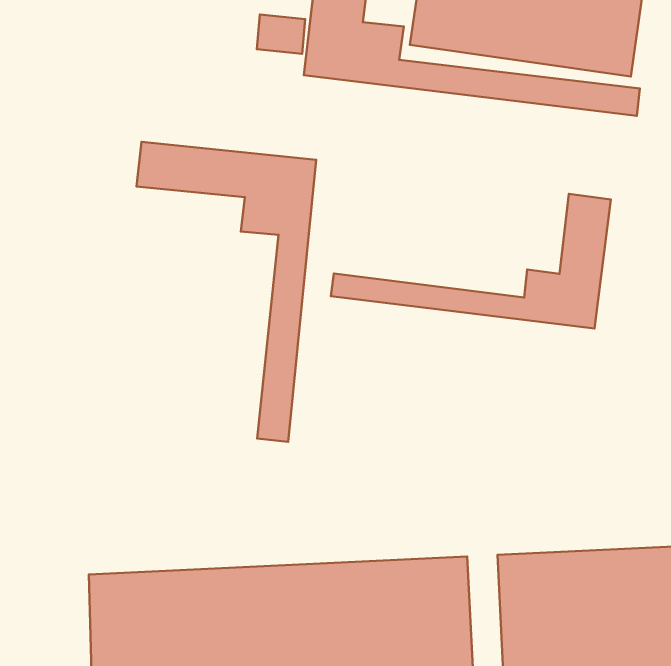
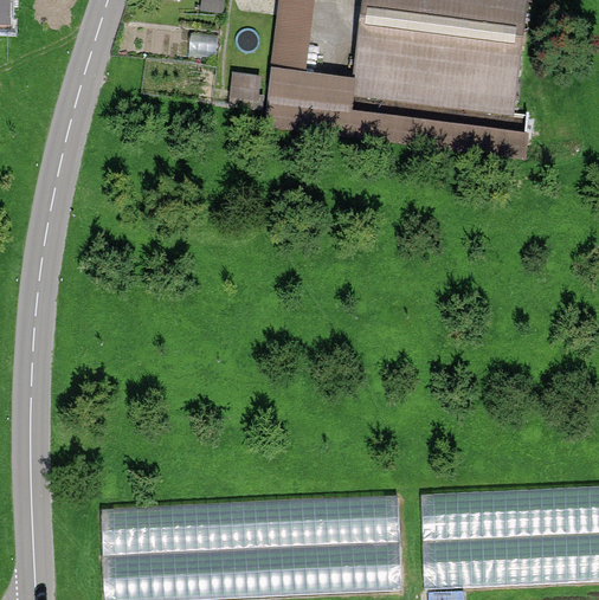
building: [137,142,316,442] -> none
building: [331,194,611,328] -> none

